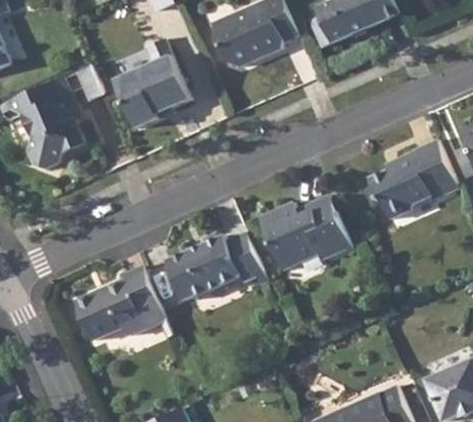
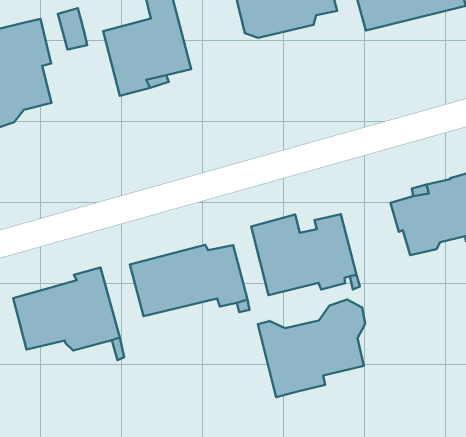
building: none -> [258,299,365,397]

